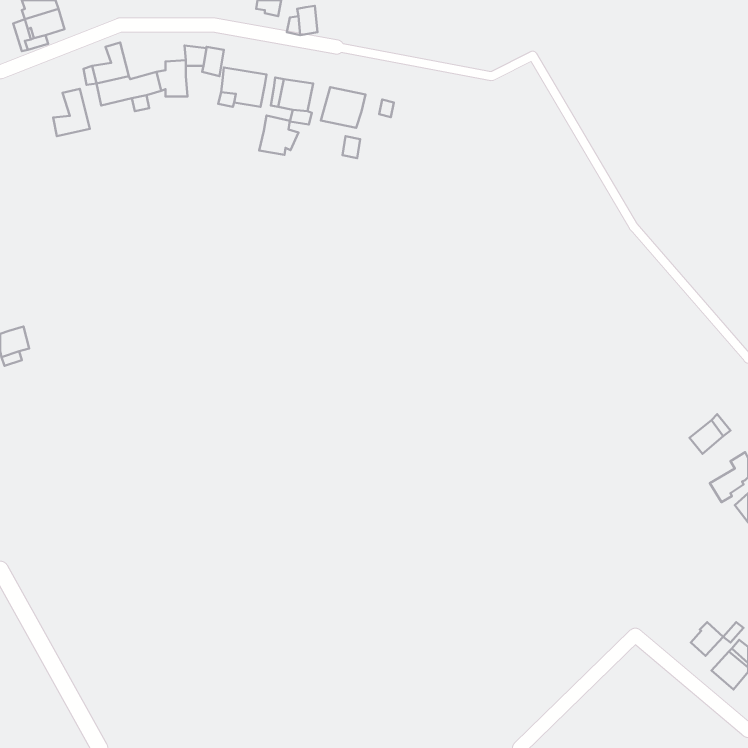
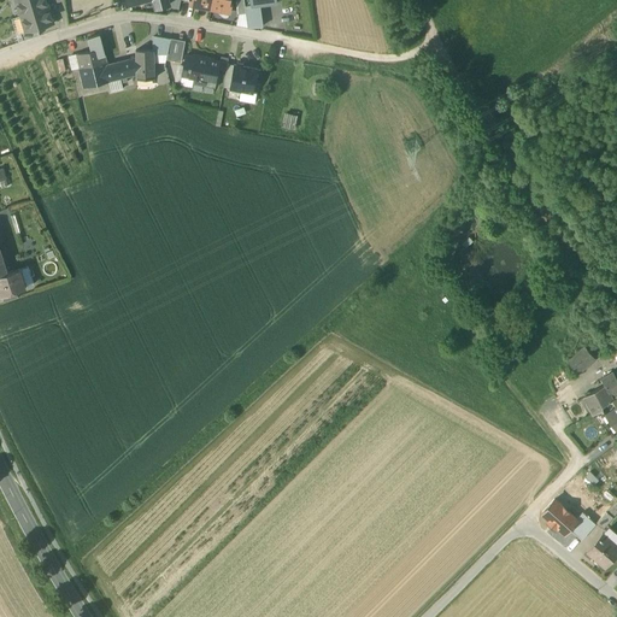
building: [321,87,365,128] -> none
building: [53,89,90,136] -> none
building: [259,115,298,155] -> none
building: none -> [541,499,577,534]

